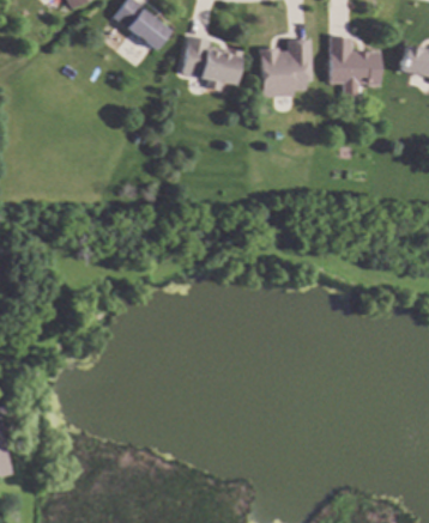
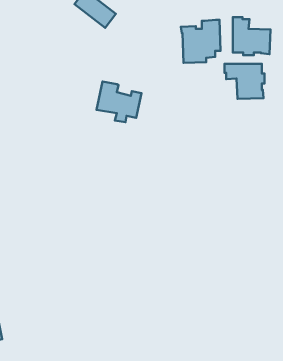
building: [181,35,242,90] -> [97,82,141,122]
building: none -> [224,64,265,99]

